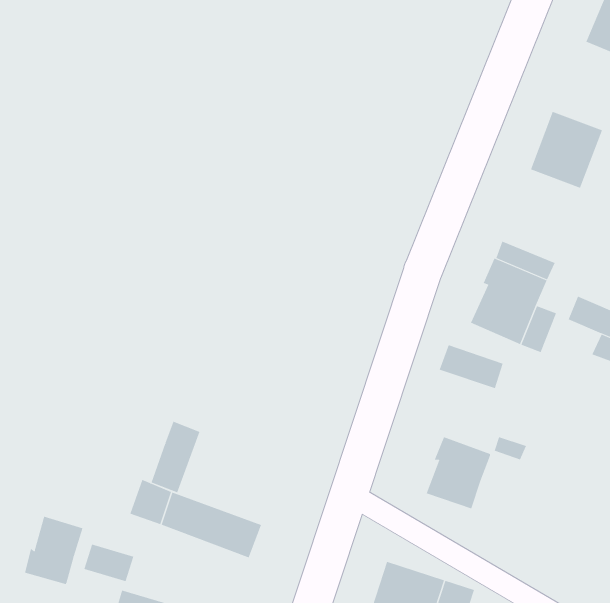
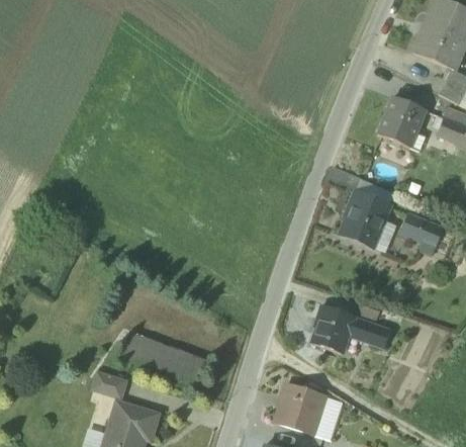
building: [439,345,504,389] -> [347,317,388,345]
building: [151,421,200,493] -> none
building: [24,516,83,585] -> none

